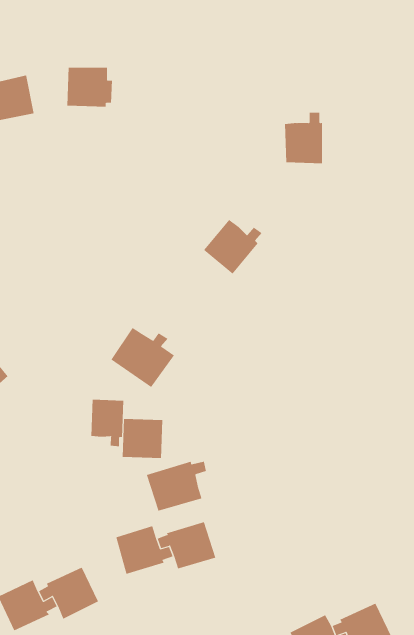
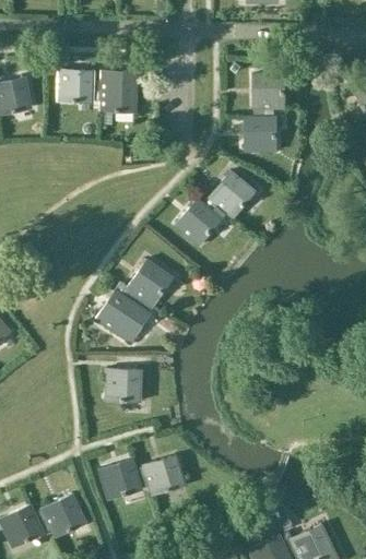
building: none -> [96,71,135,114]
building: none -> [251,74,284,117]
building: none -> [204,171,255,218]
building: none -> [122,260,173,306]
building: [91,399,124,447] -> none
building: [146,461,206,511] -> none

